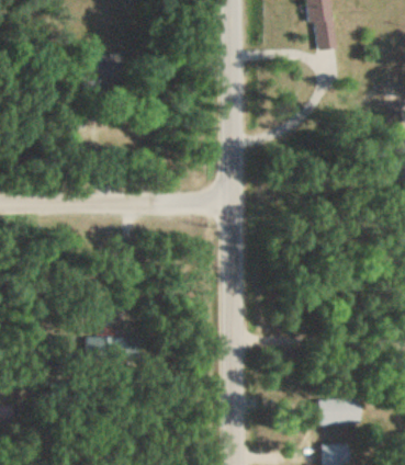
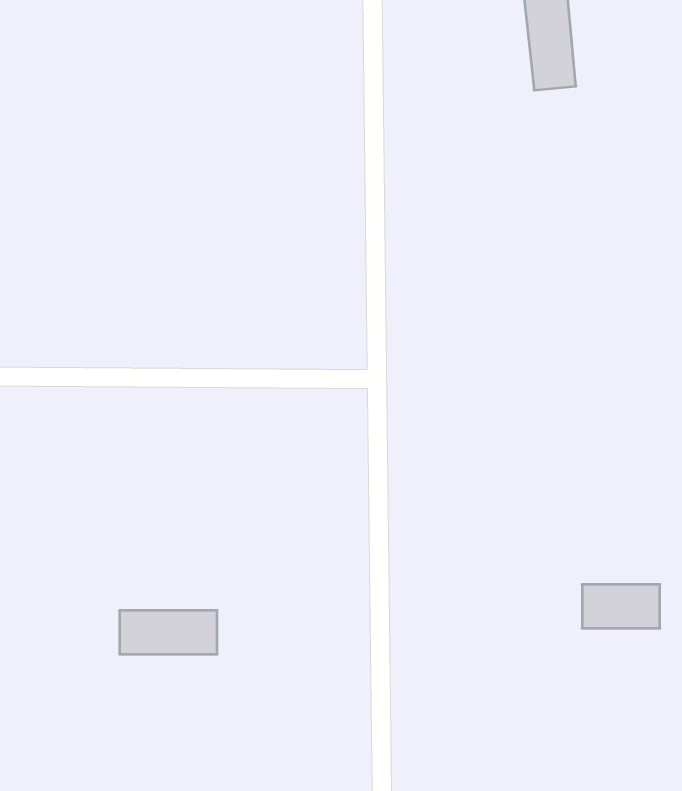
building: [319,399,362,423] -> [582,584,660,628]

